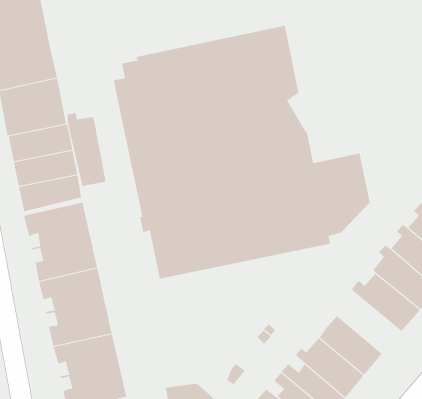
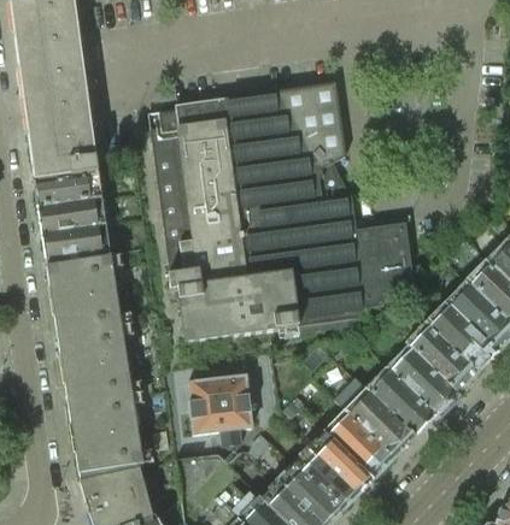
building: [67,112,106,187] -> none
building: none -> [364,371,436,435]
building: none -> [187,374,251,443]

